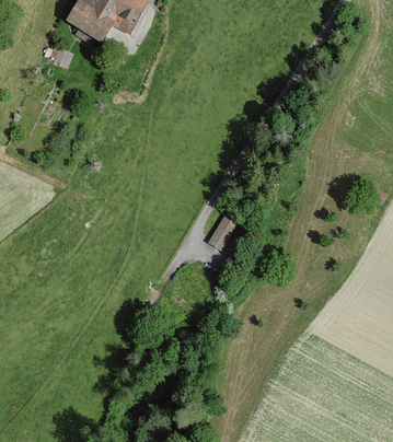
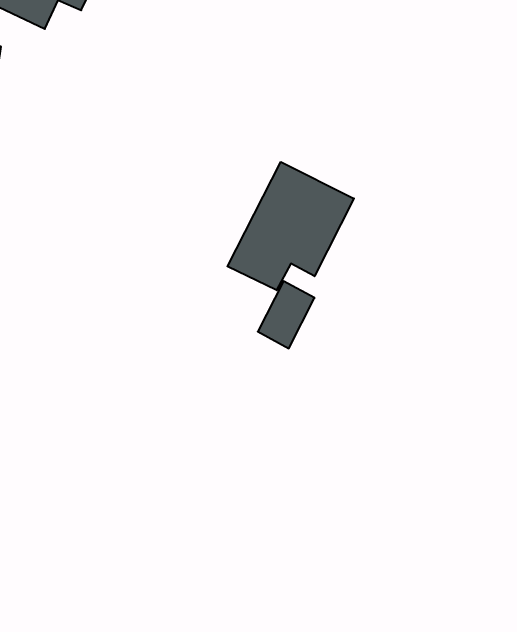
building: none -> [227,162,354,290]

